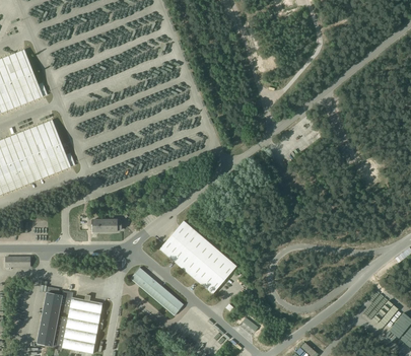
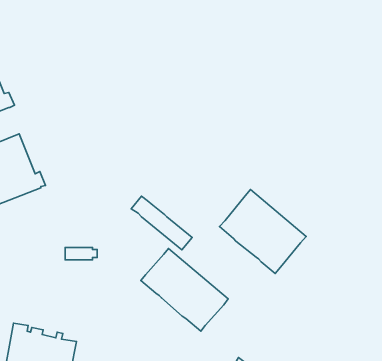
building: none -> [220,190,306,274]
building: [130,268,184,315] -> [131,196,192,250]

